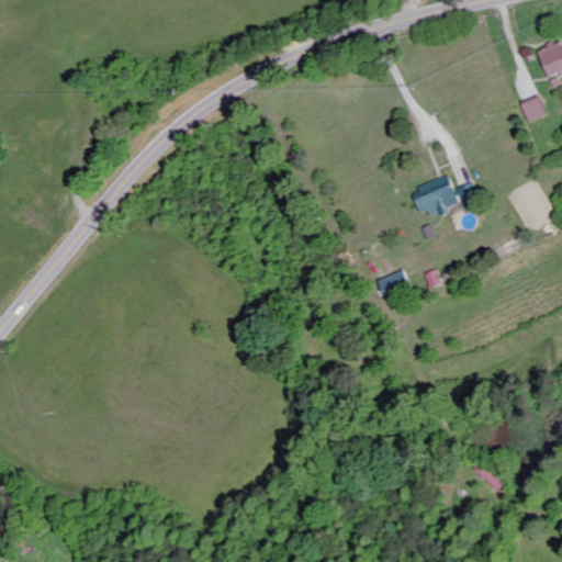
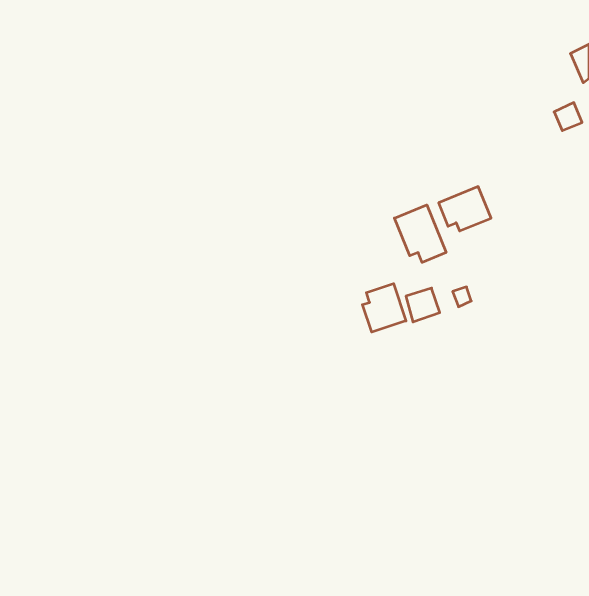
building: none -> [394,205,446,262]
building: none -> [362,284,406,332]

